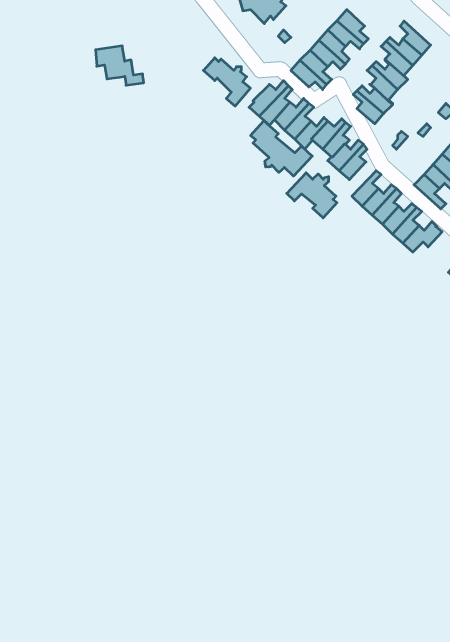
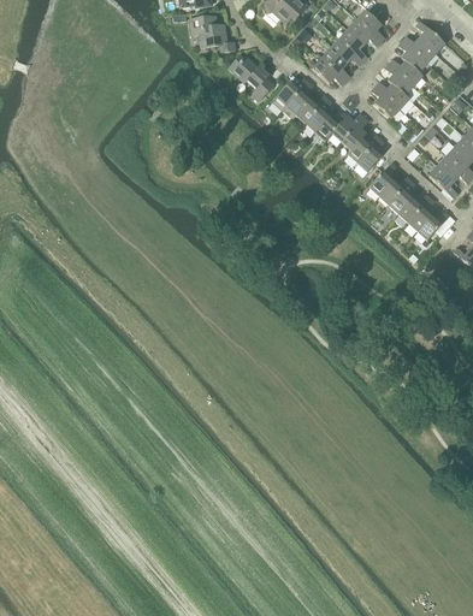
building: [96,46,144,85] -> [190,16,236,53]
building: [251,121,312,176] -> none
building: [287,173,337,218] -> none

